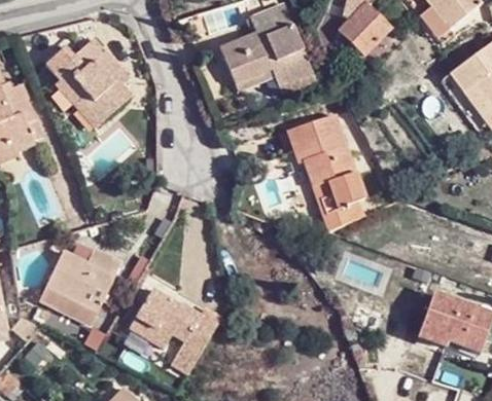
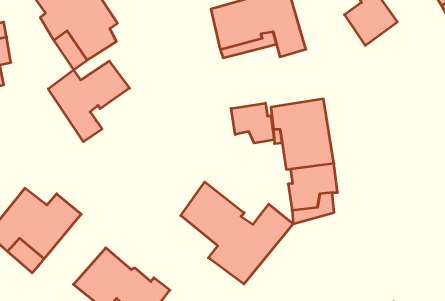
building: none -> [48,61,130,142]
building: none -> [231,103,274,143]
building: none -> [181,182,293,284]

